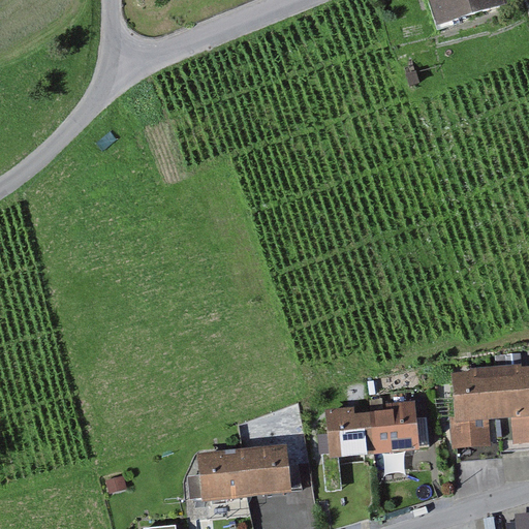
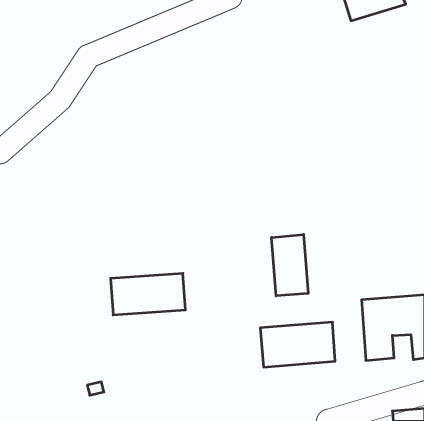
building: none -> [272,234,308,296]
building: [196,446,289,498] -> [111,273,185,315]

